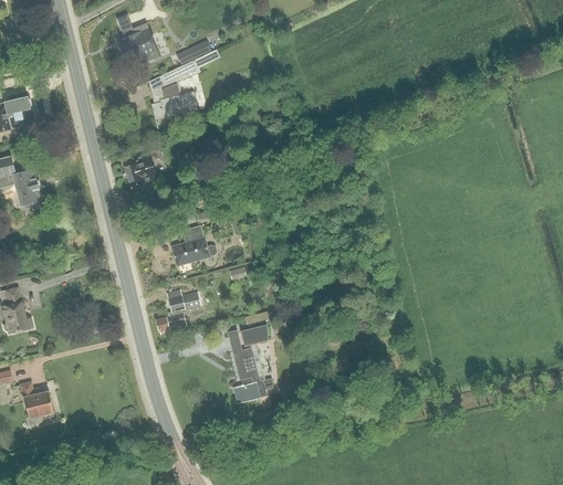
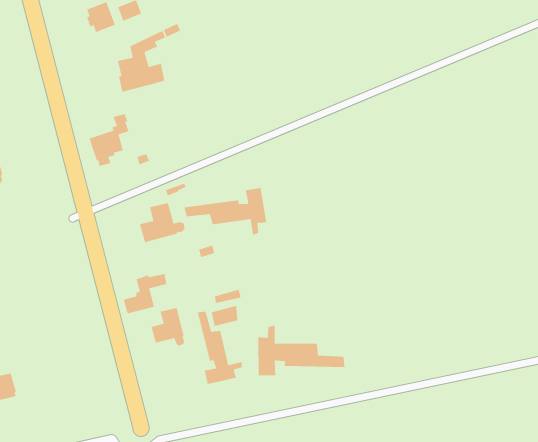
building: none -> [183,187,267,236]
building: none -> [150,307,185,347]
building: none -> [257,324,346,376]

